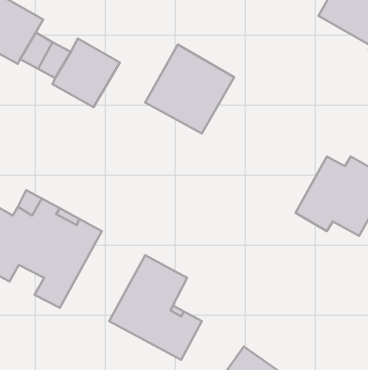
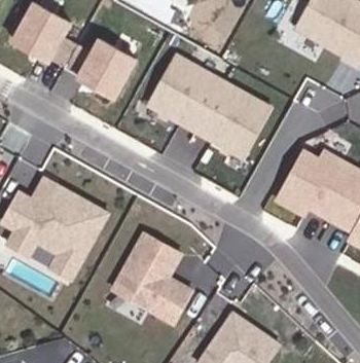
building: none -> [196,81,273,157]

